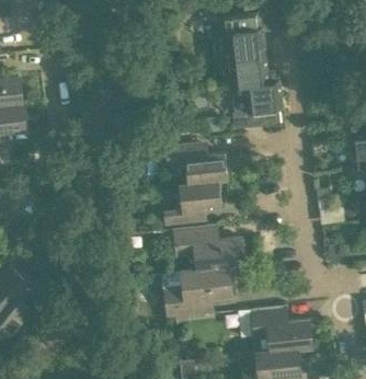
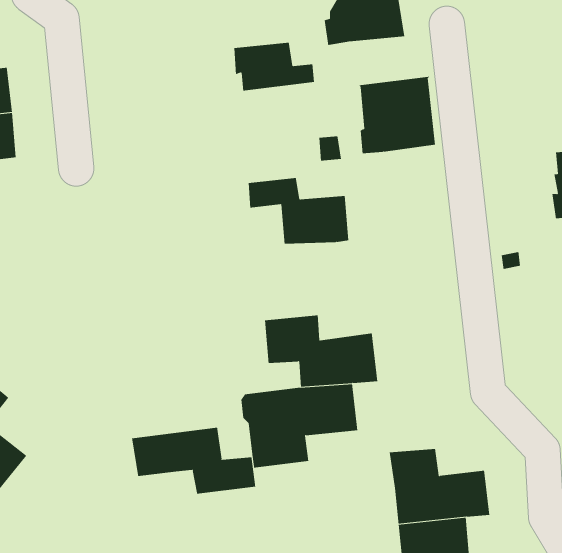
building: [227,57,276,87] -> [234,42,315,91]
building: [164,182,221,226] -> none
building: none -> [132,427,256,494]

